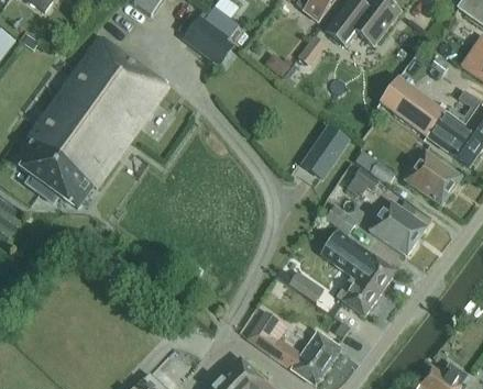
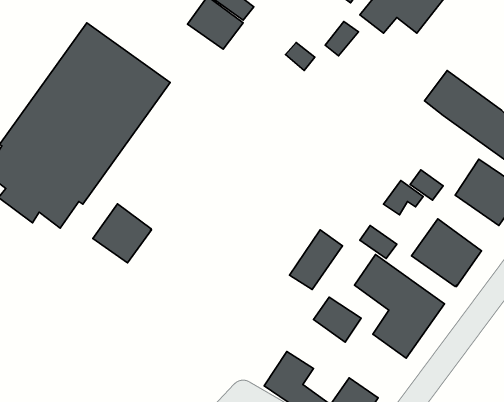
building: [303,126,347,176] -> [290,230,343,290]
building: none -> [93,204,151,263]

